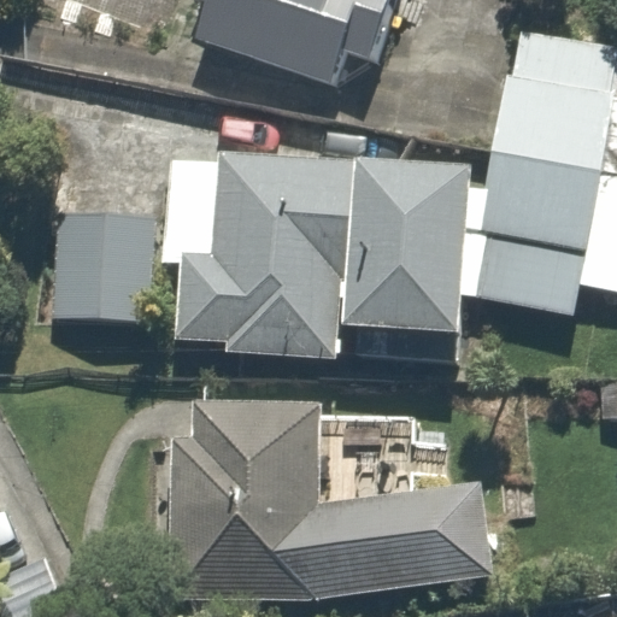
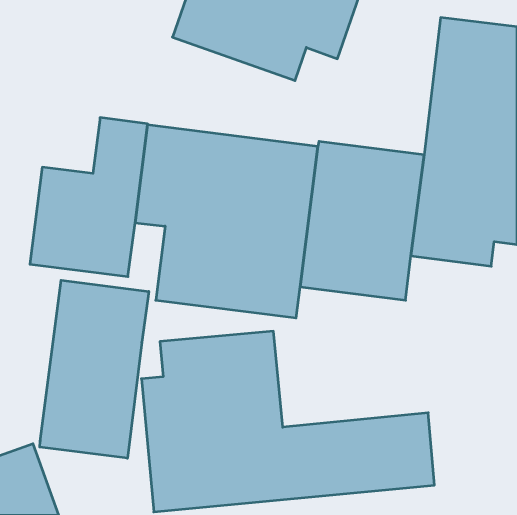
building: none -> [40,280,149,458]

